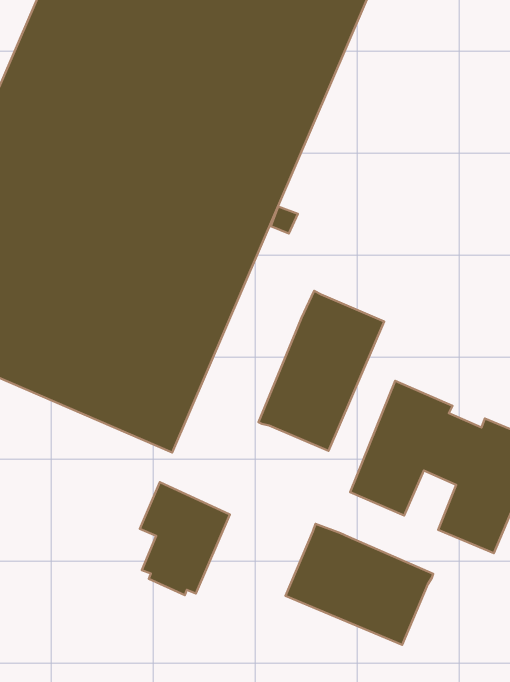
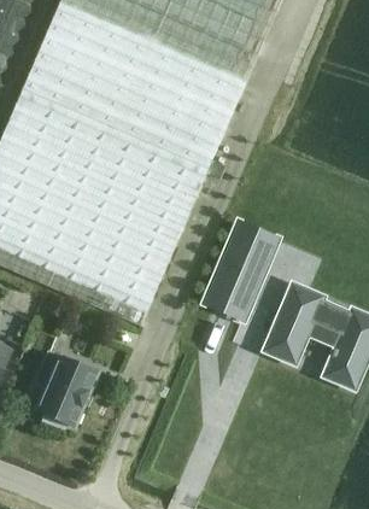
building: [140,482,230,595] -> [36,350,96,426]
building: [286,524,433,645] -> none

